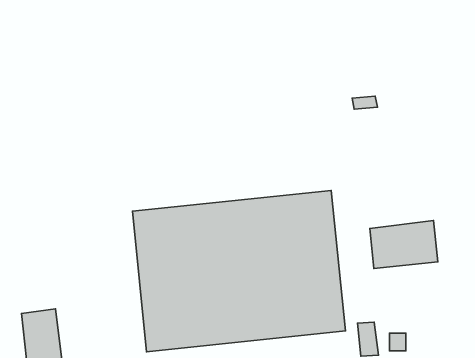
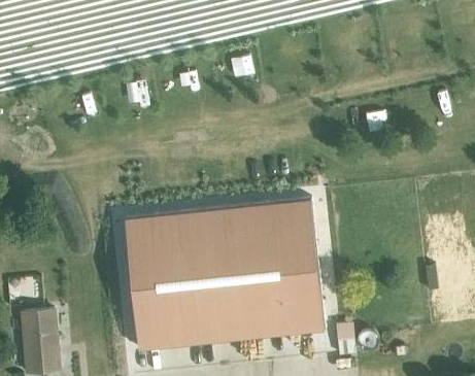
building: [370,221,438,269] -> none

